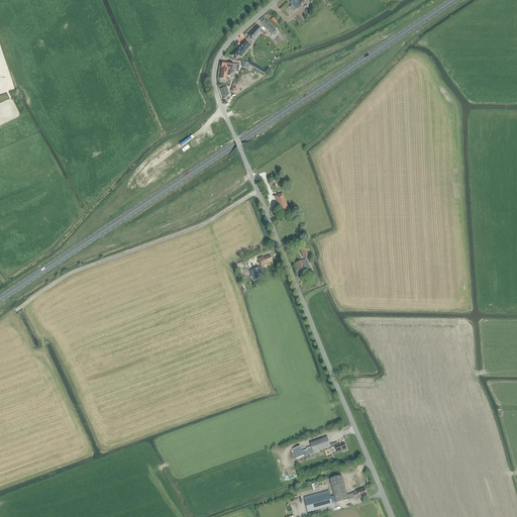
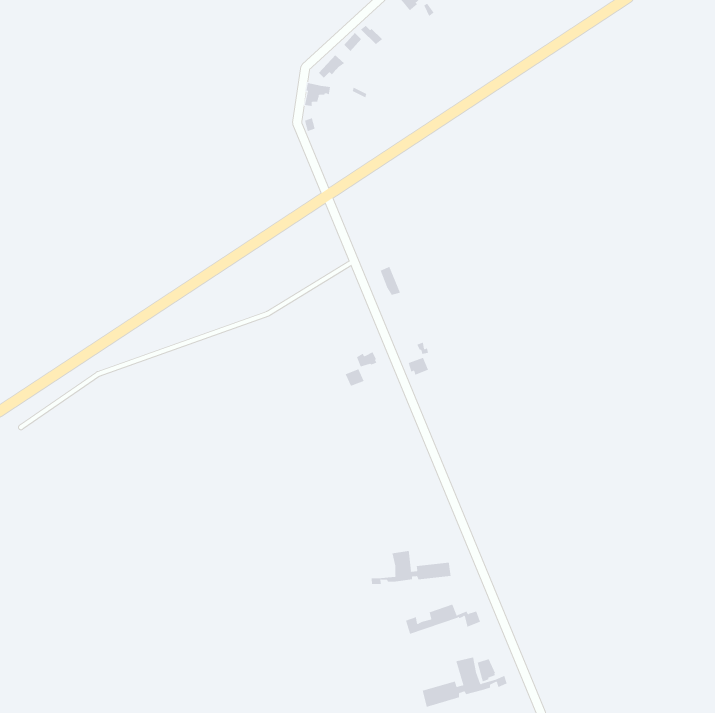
building: none -> [371,550,451,585]

